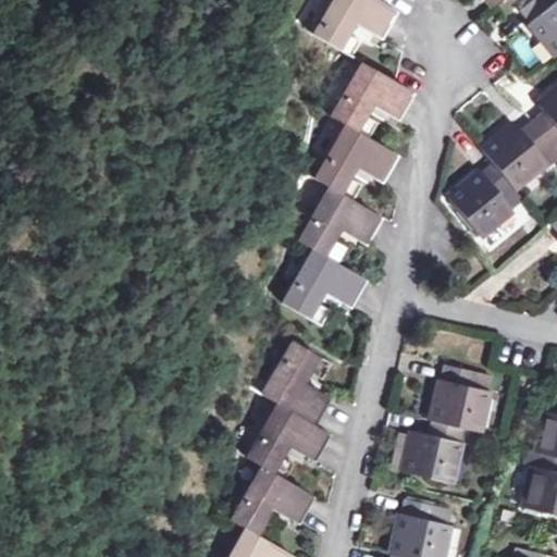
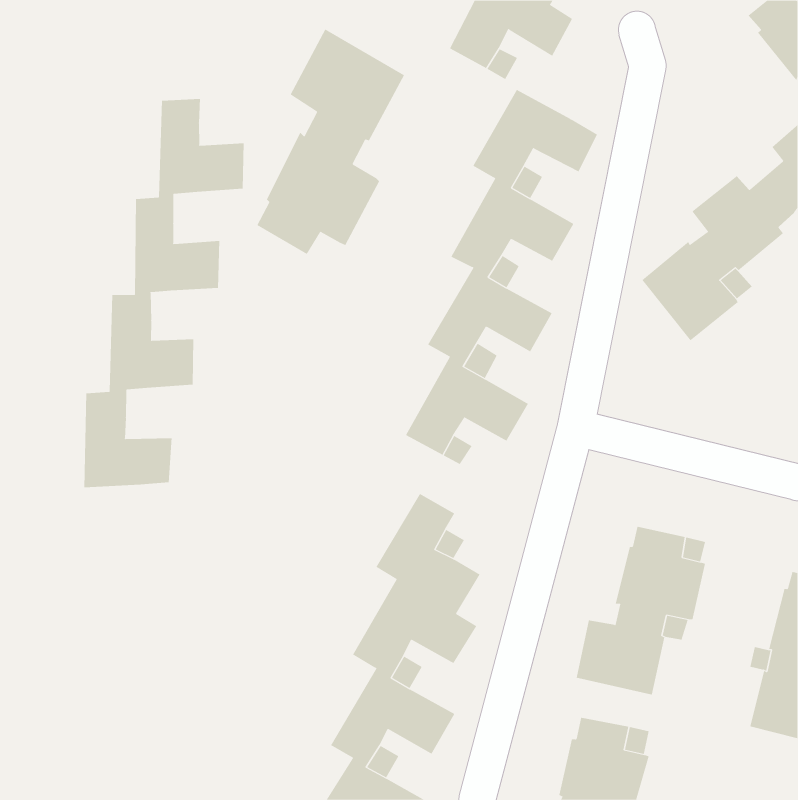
building: none -> [257,29,405,255]
building: none -> [84,98,244,488]

